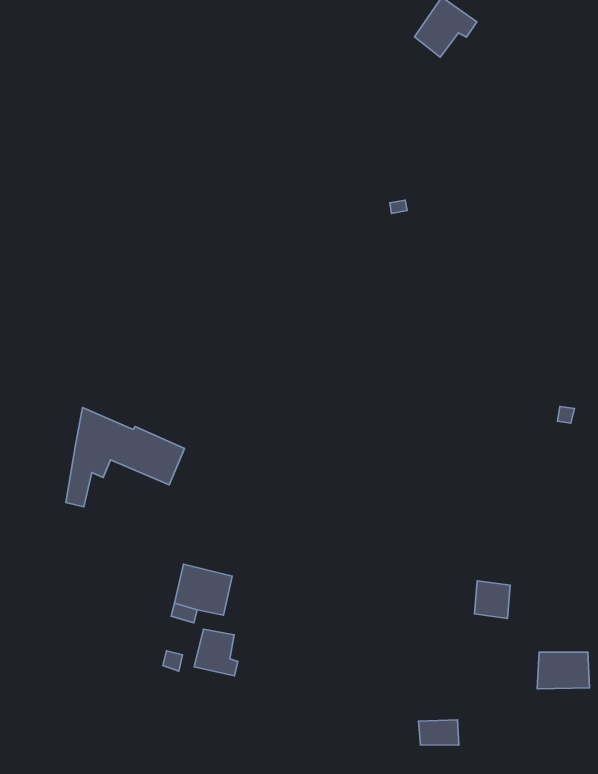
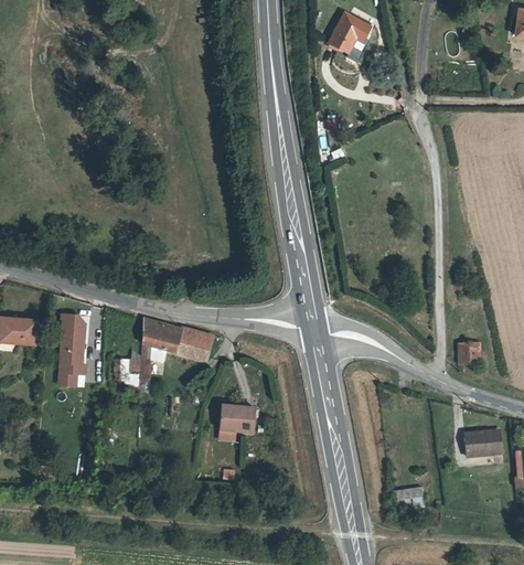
building: [474,581,510,619] -> [456,341,479,363]
building: [194,629,238,676] -> none

